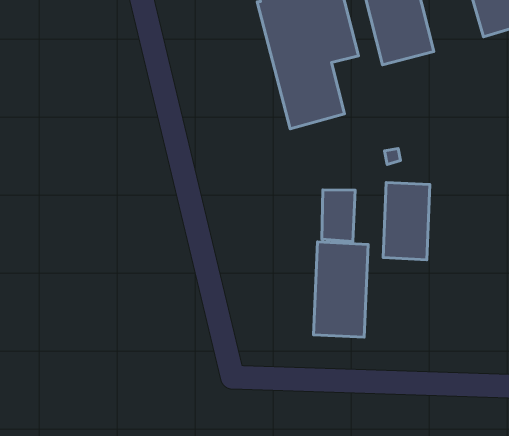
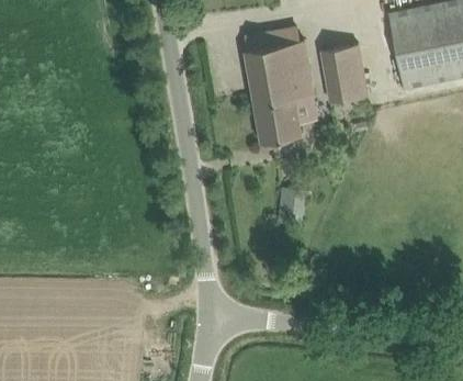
building: [383,182,430,260] -> none
building: [313,242,368,337] -> none

